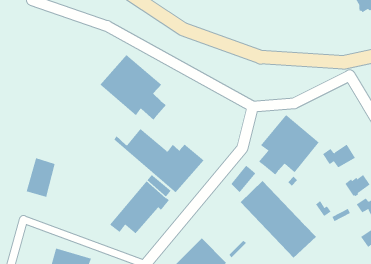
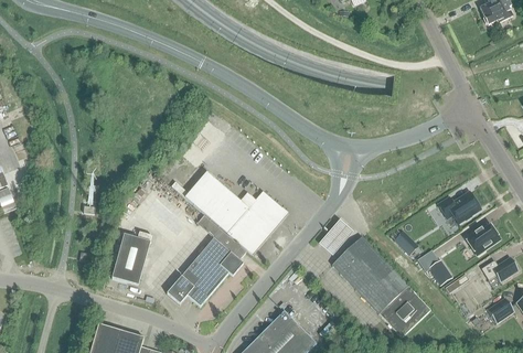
building: [100,54,167,121] -> none
building: [258,114,319,175] -> none
building: [26,158,55,198] -> [111,234,149,285]

